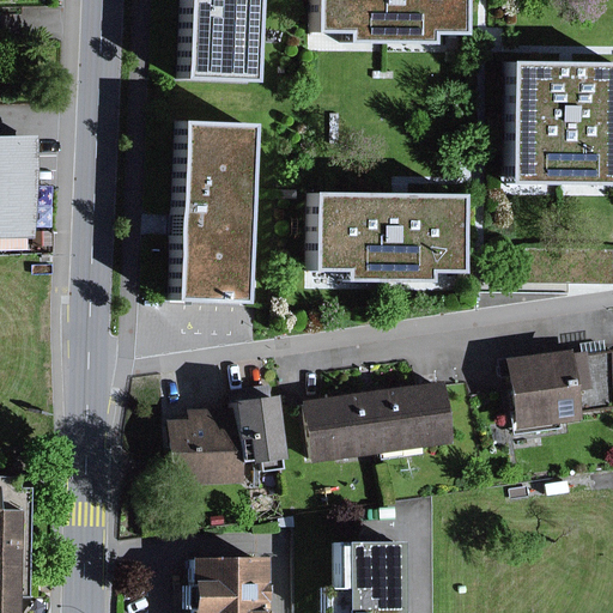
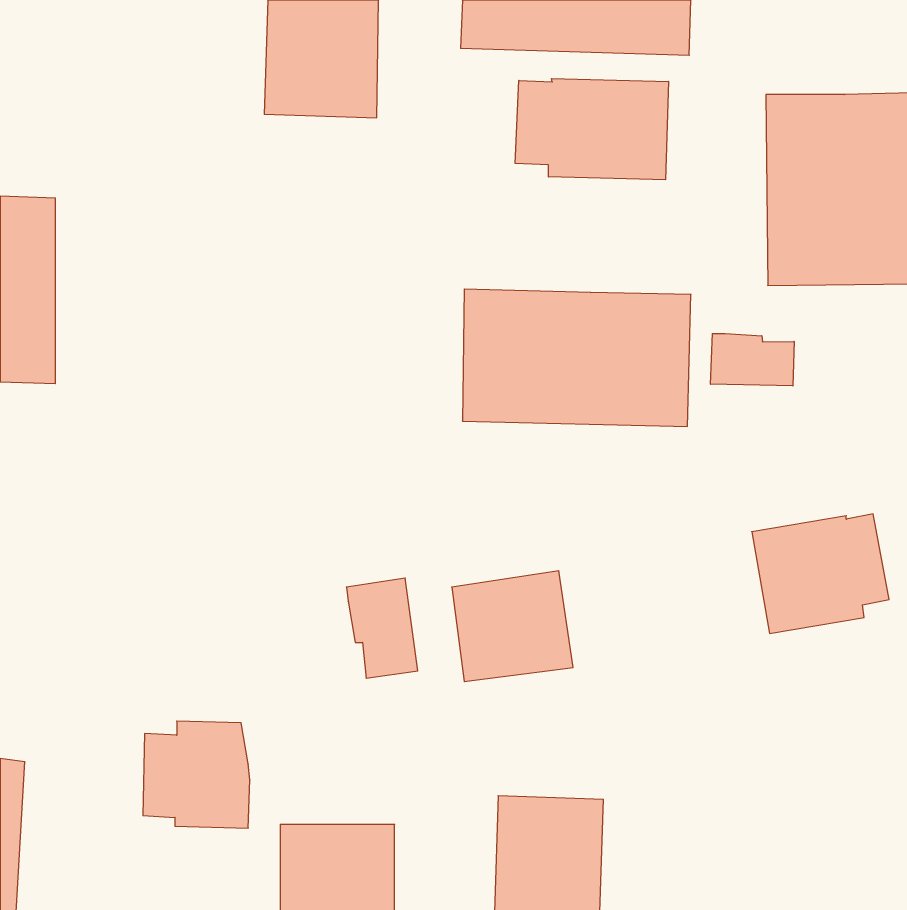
building: none -> [515,79,669,180]
building: [170,120,251,304] -> none
building: none -> [711,334,794,386]
building: [378,376,456,449] -> none
building: [171,403,243,475] -> [143,721,250,828]

